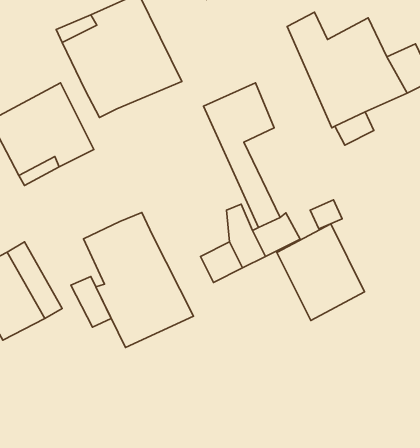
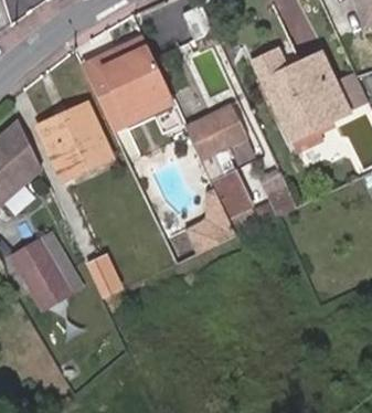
building: [83,212,194,348] -> none
building: [277,224,365,321] -> none

